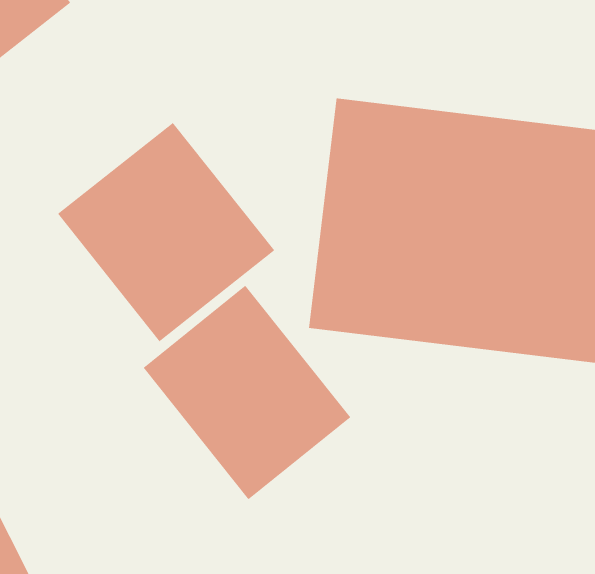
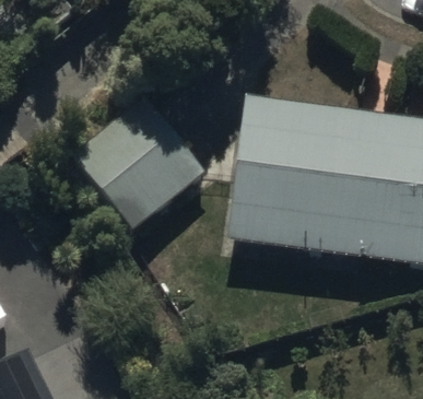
building: [143,285,351,500] -> none

